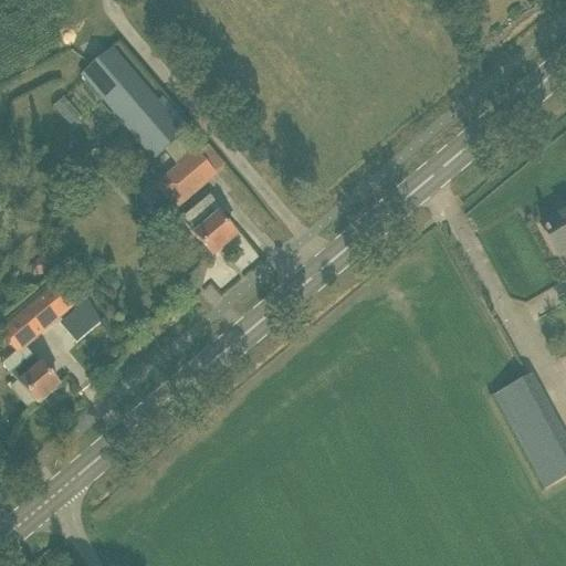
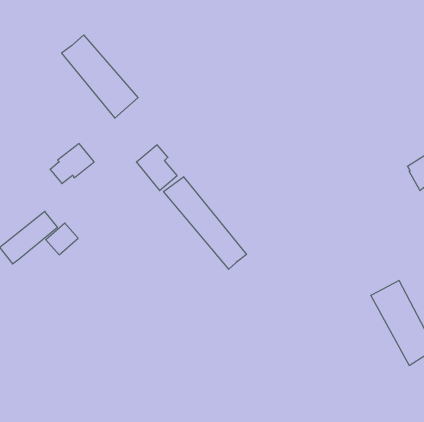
building: [157,148,216,201] -> [50,144,94,184]
building: none -> [164,177,246,269]
building: [11,353,60,401] -> none

